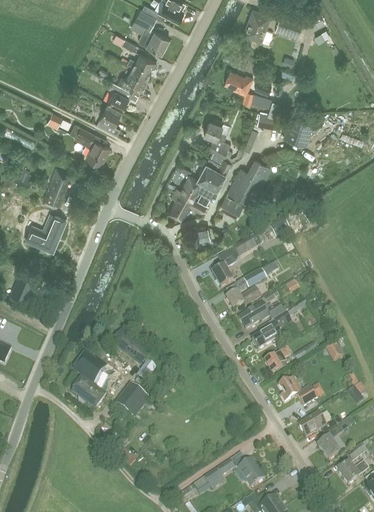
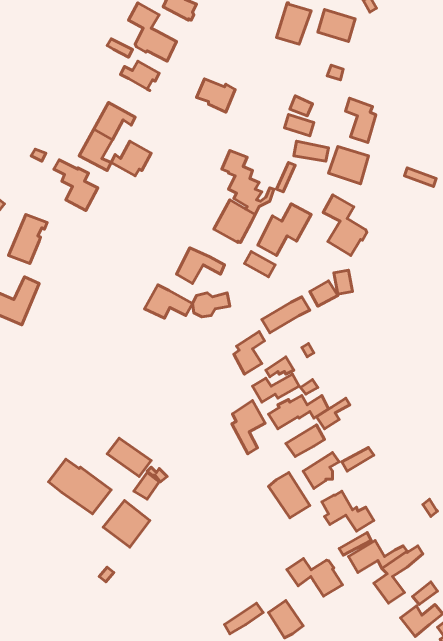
building: [118,66,148,92] -> [111,141,151,176]
building: [223,70,252,95] -> [196,79,235,112]
building: none -> [346,98,376,143]
building: none -> [323,195,367,256]
building: [178,175,214,200] -> [145,285,193,318]
building: none -> [232,401,265,454]
building: none -> [269,473,310,518]
building: [72,377,105,407] -> none
building: none -> [287,558,343,596]

